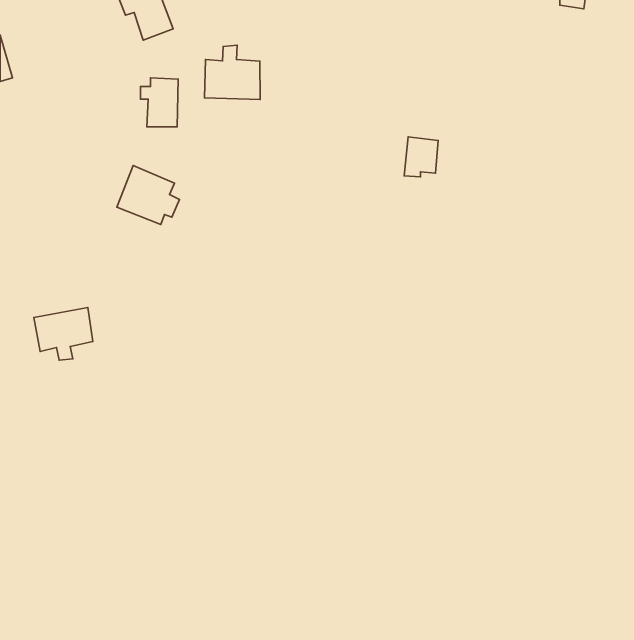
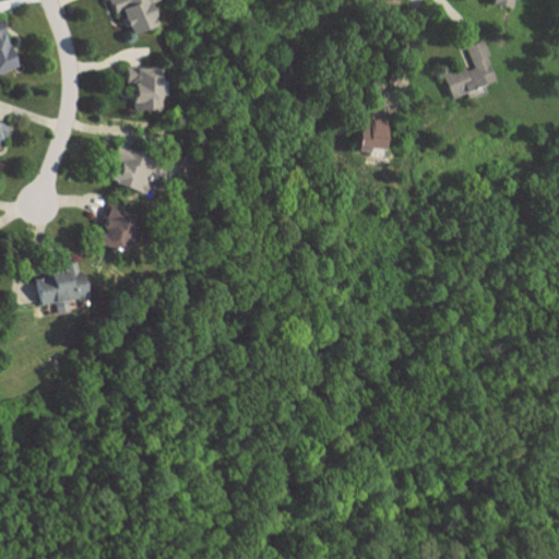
building: none -> [444,39,500,97]
building: [205,45,260,100] -> none
building: none -> [98,204,136,252]

